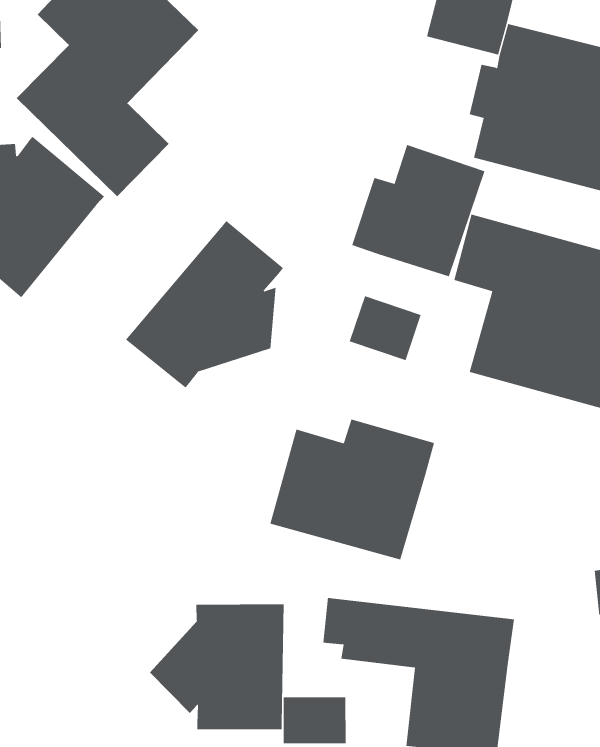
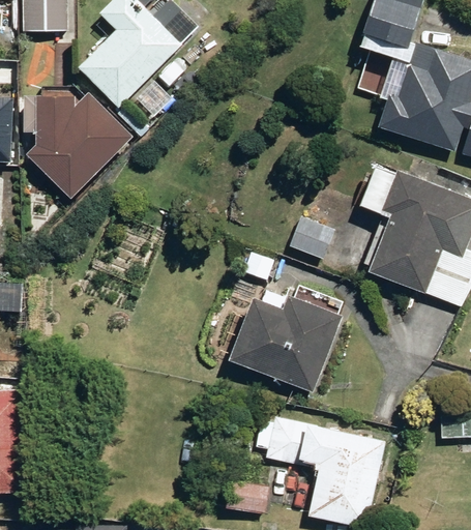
building: [351,144,485,277] -> none
building: [125,220,284,388] -> none
building: [149,604,284,730] -> none

